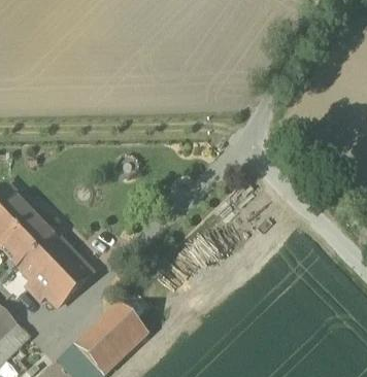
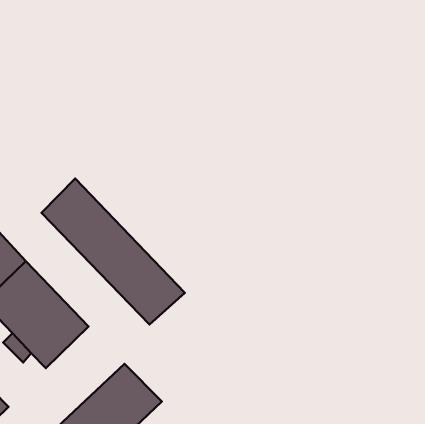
building: none -> [41,178,185,324]

